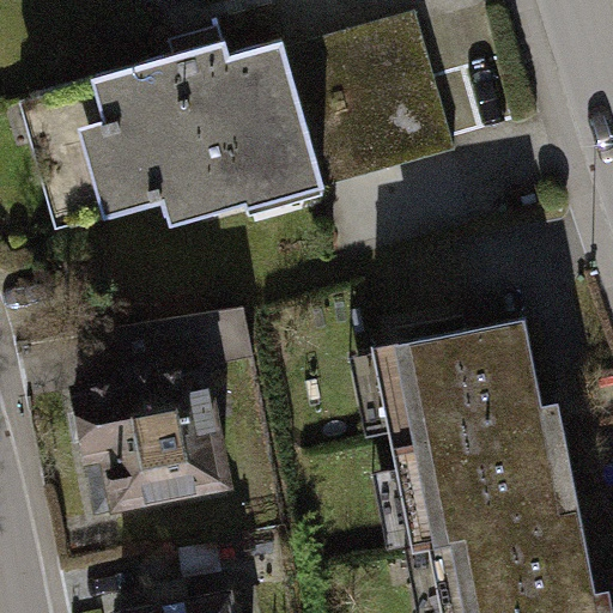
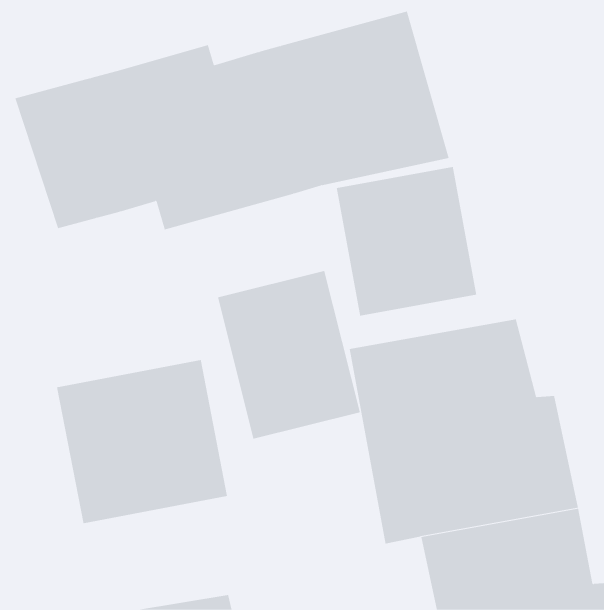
building: none -> [336,166,477,316]
building: none -> [217,270,361,440]

